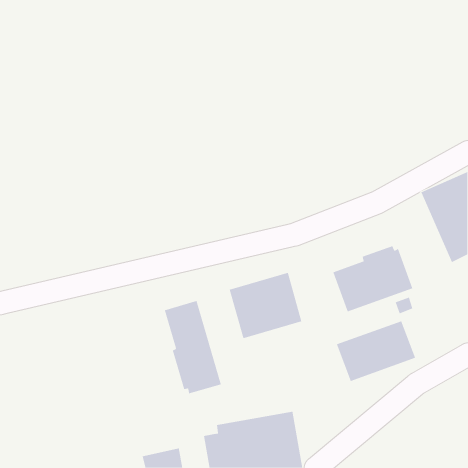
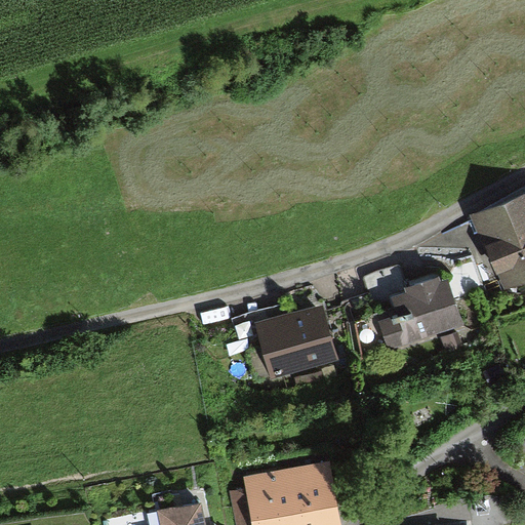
building: [164,300,221,394] -> none
building: [336,320,416,382] -> none

